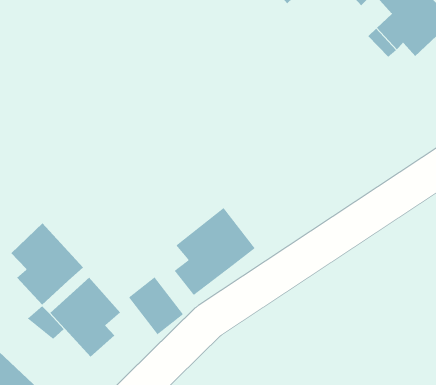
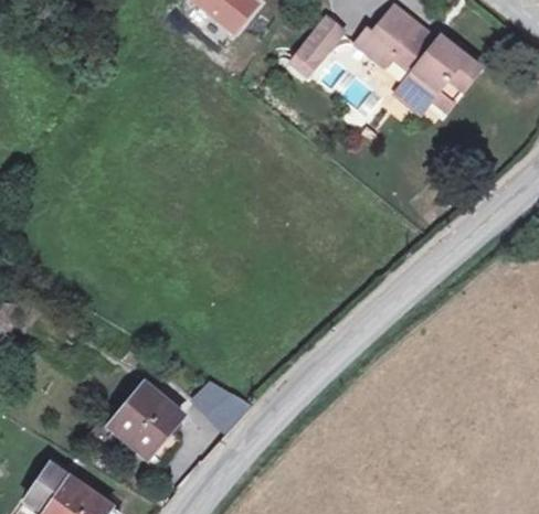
building: [174,207,255,296] -> none
building: [10,222,84,305] -> none

